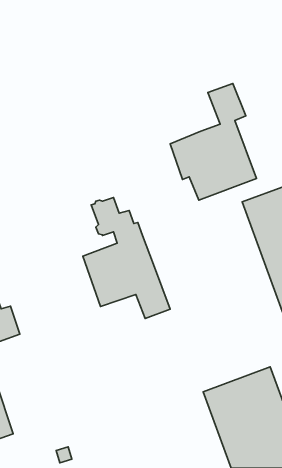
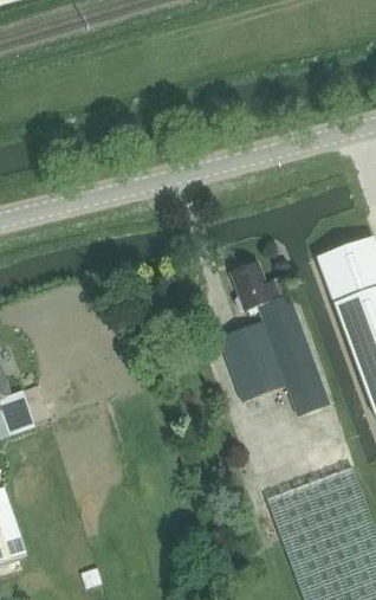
building: [170,83,256,200] -> none
building: [83,197,170,319] -> [219,263,330,417]

